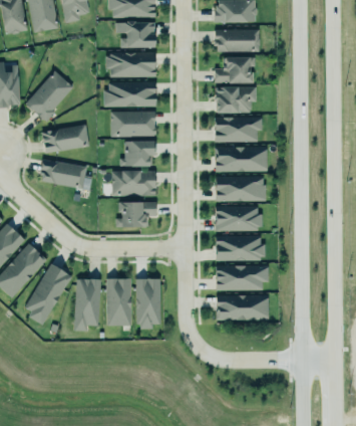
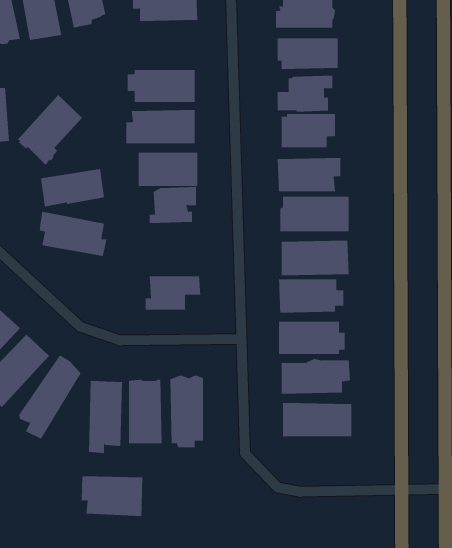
building: [114,22,153,47] -> none
building: [111,171,155,196] -> none
building: none -> [81,476,143,517]

